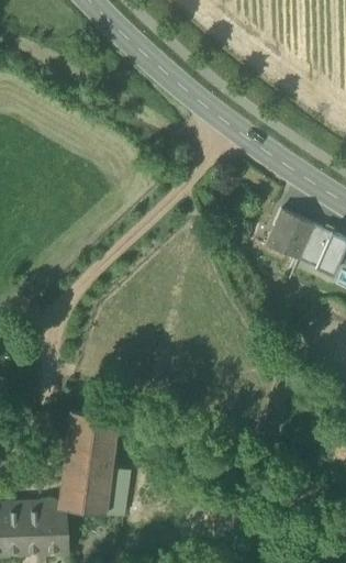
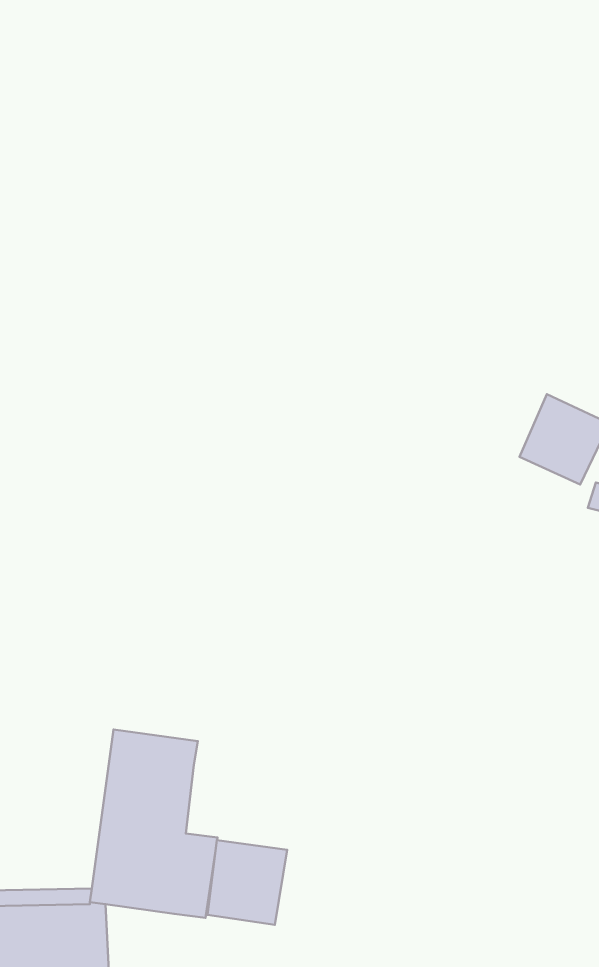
building: [268,209,315,258] -> none
building: none -> [208,840,287,925]

